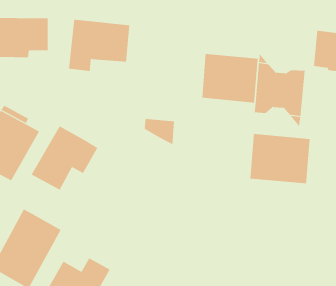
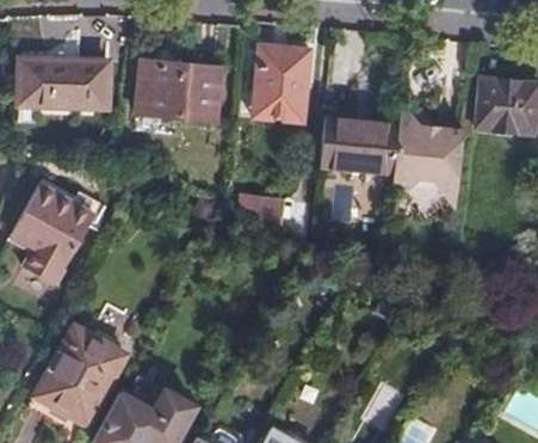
building: none -> [254,43,309,119]
building: [31,126,98,190] -> none
building: [250,133,310,184] -> none

